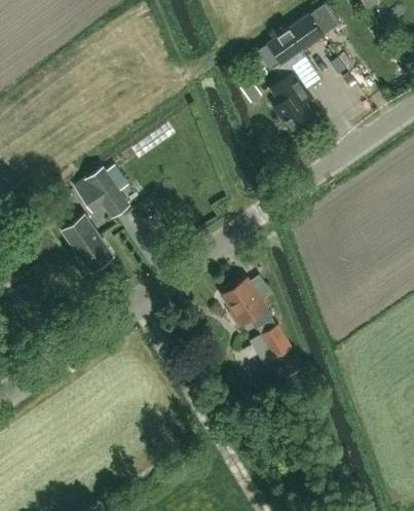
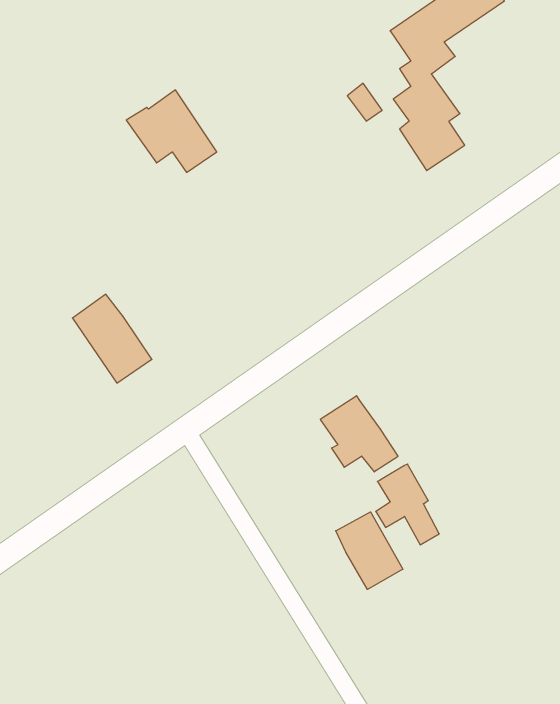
building: [72,166,130,219] -> [126,90,217,172]
building: none -> [336,512,403,589]

